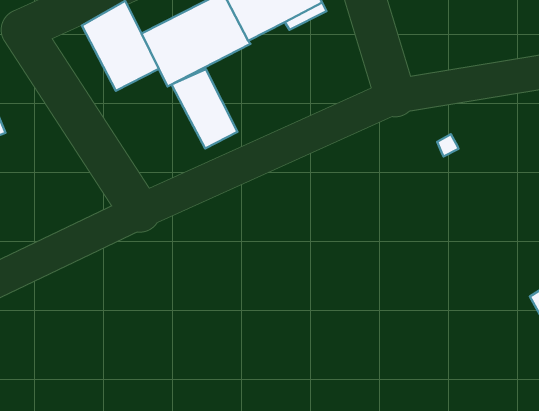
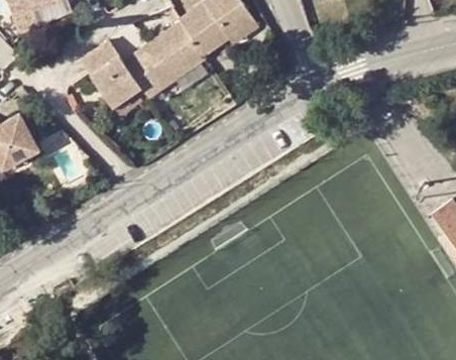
building: [171,69,237,148] -> none

